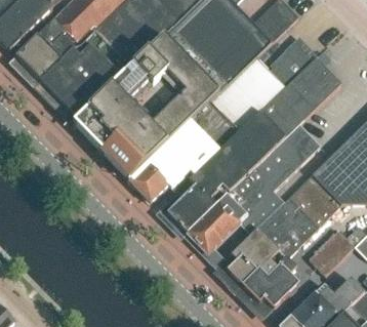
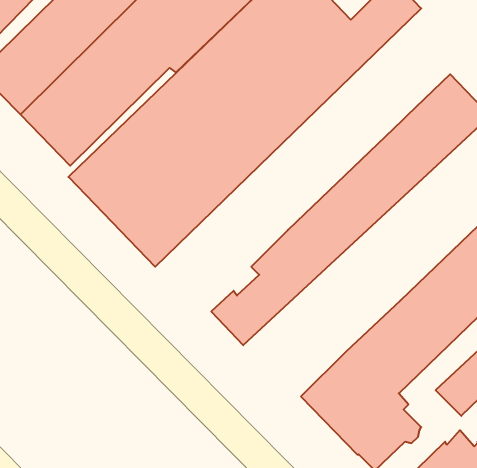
building: [272,39,318,84] -> none
building: [131,58,287,203] -> none
building: [186,124,322,255] -> none

